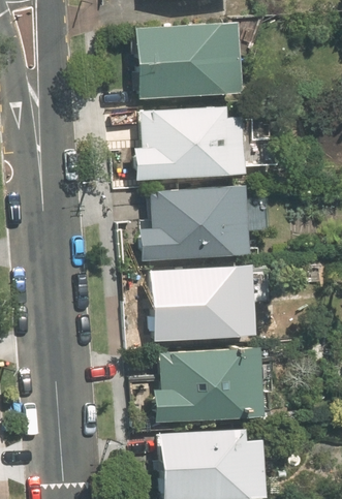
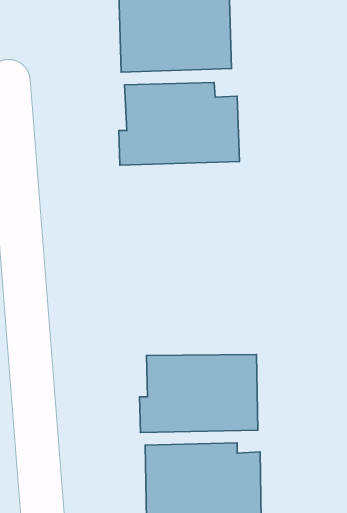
building: [141,185,267,259] -> none
building: [152,266,253,342] -> none

